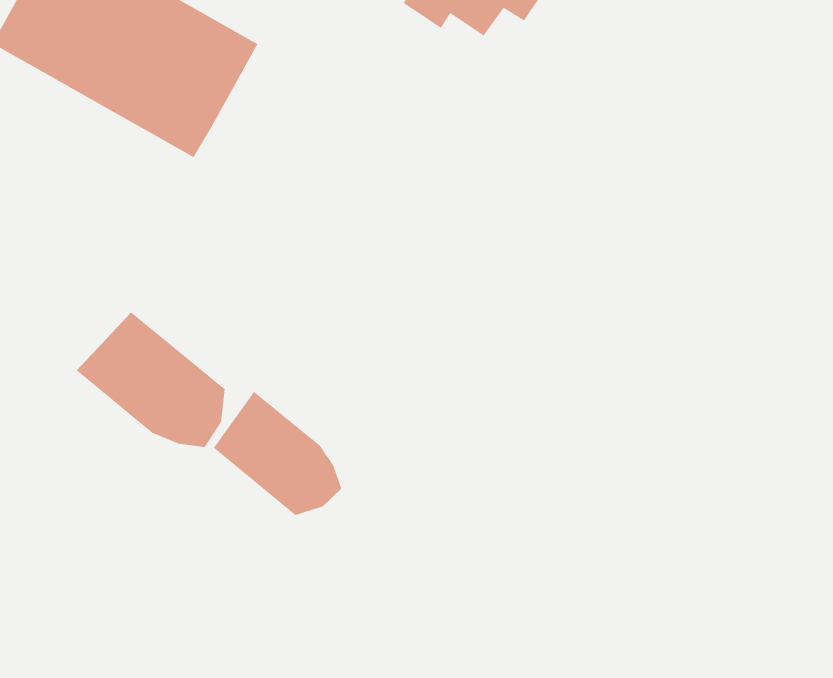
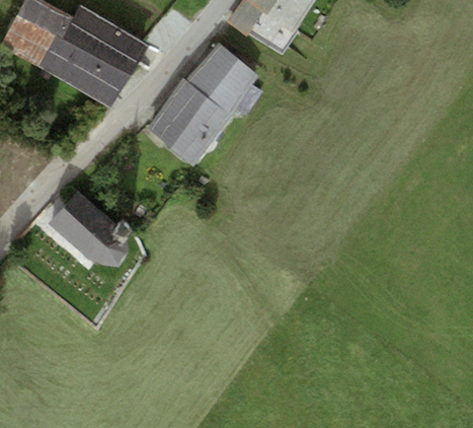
building: none -> [147,45,262,167]
building: [213,391,342,516] -> none

